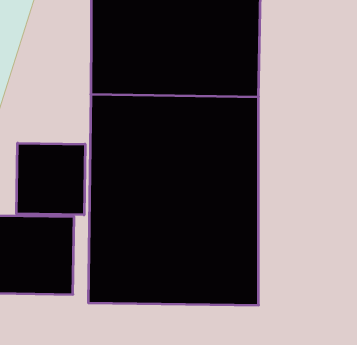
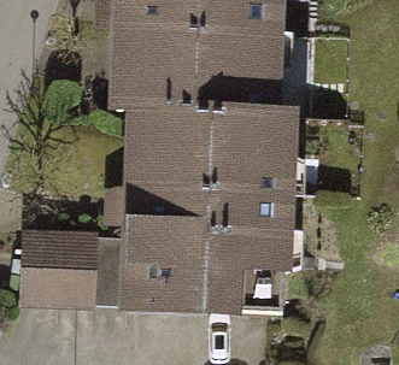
building: [17,143,85,215] -> none

